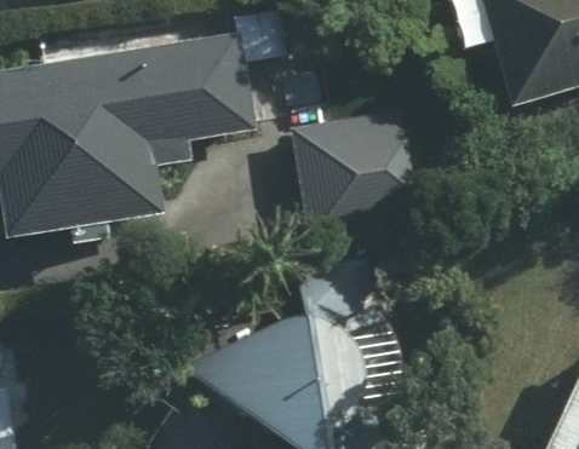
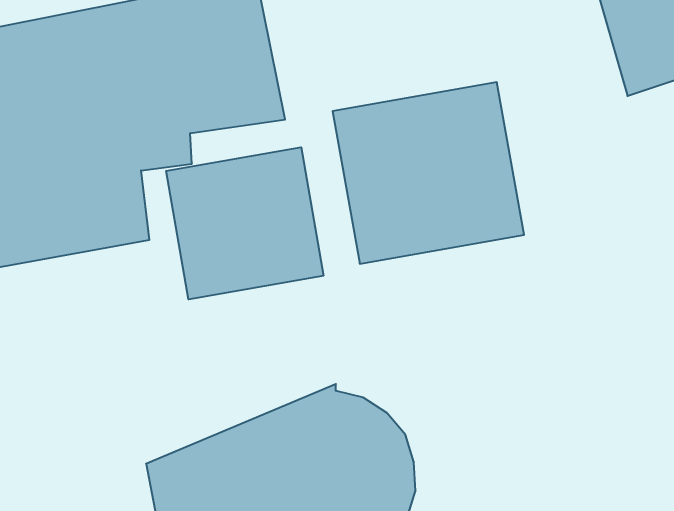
building: none -> [166,147,323,299]

